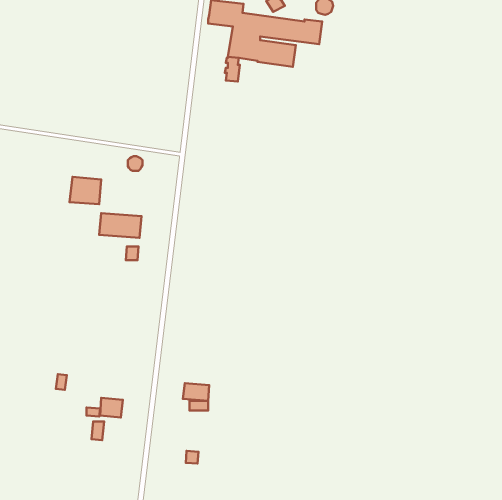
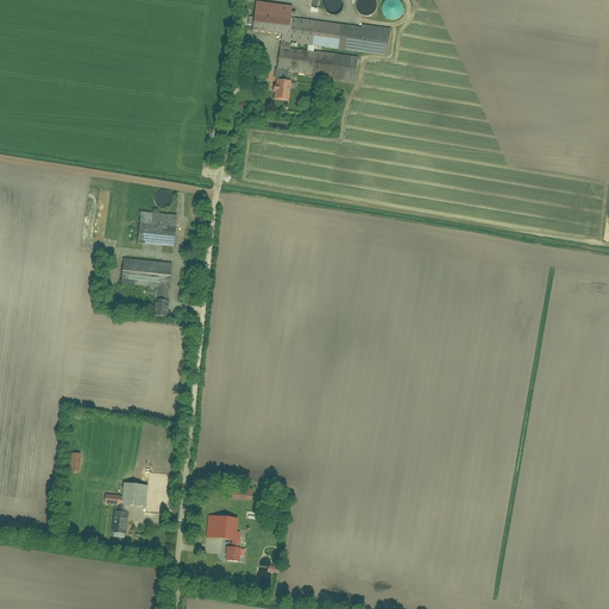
building: [70,177,101,204] -> [137,212,175,245]
building: [183,383,209,401] -> [206,515,238,536]

